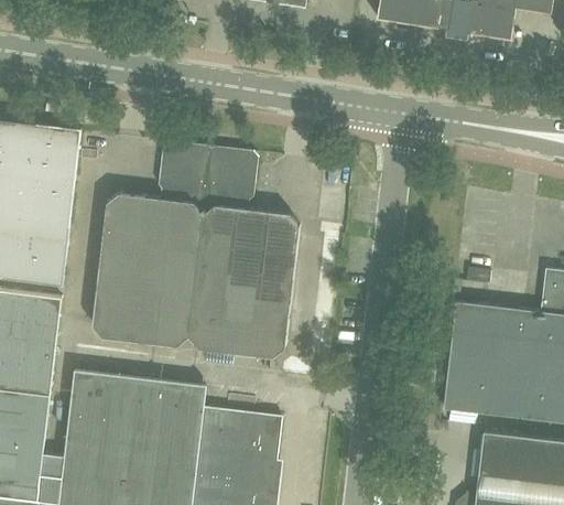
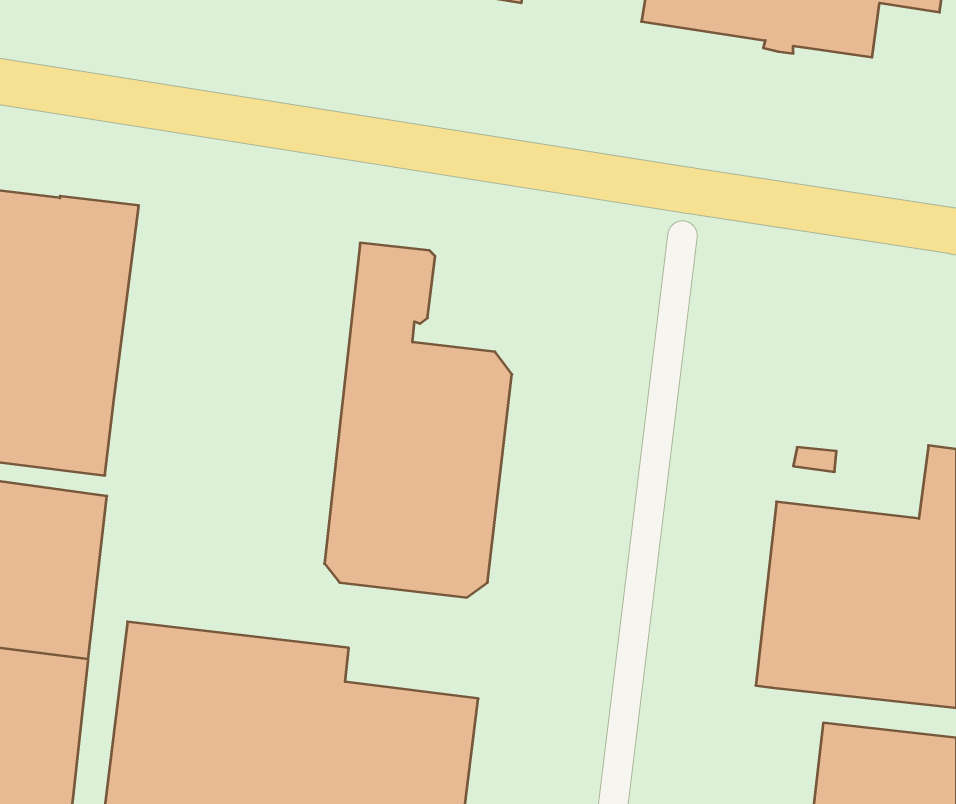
building: [93,143,212,346] -> none

